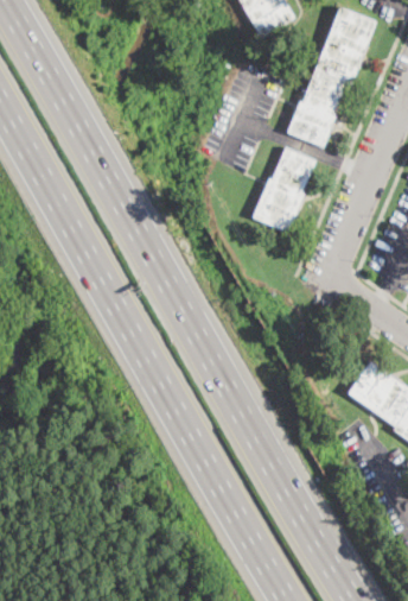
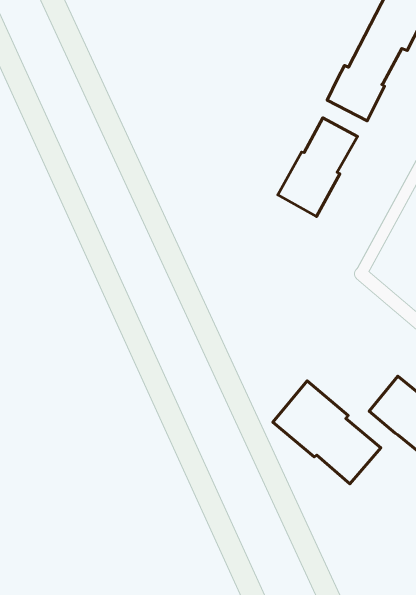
building: none -> [273,381,381,484]

